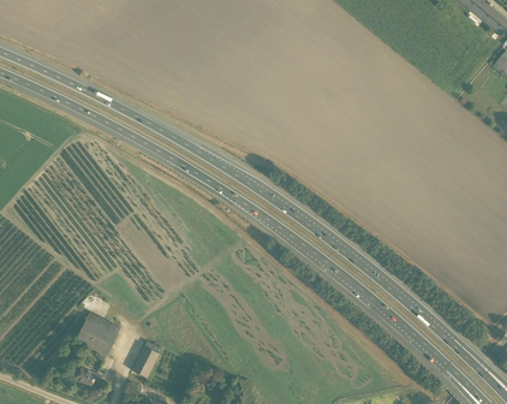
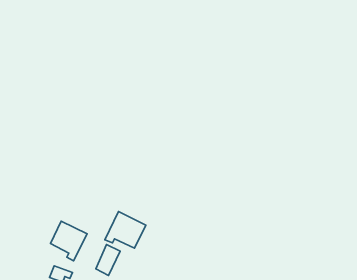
building: none -> [105,211,146,248]

